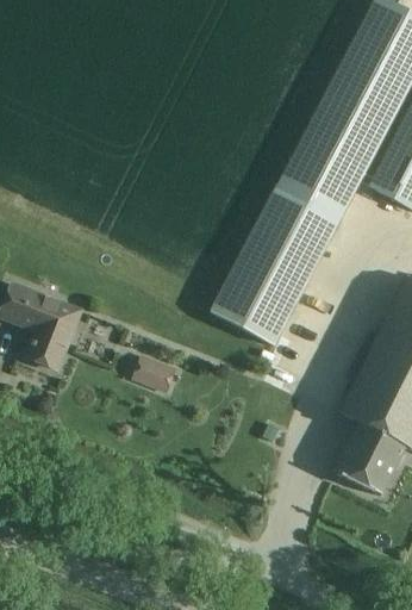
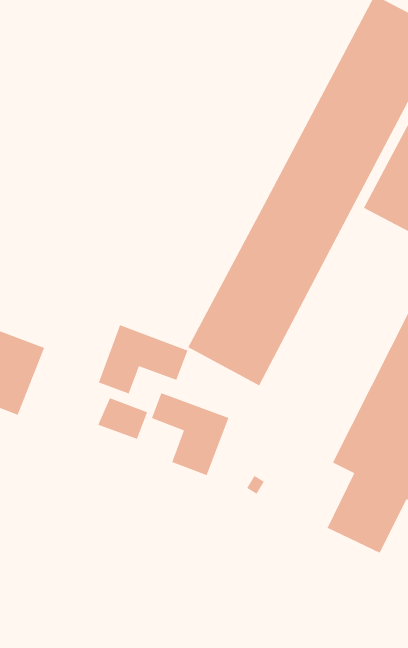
building: none -> [98,324,189,394]
building: none -> [151,392,229,476]

